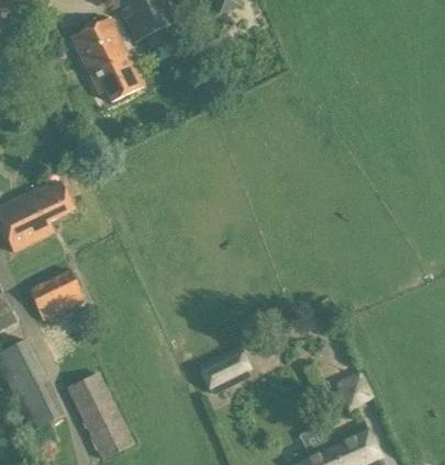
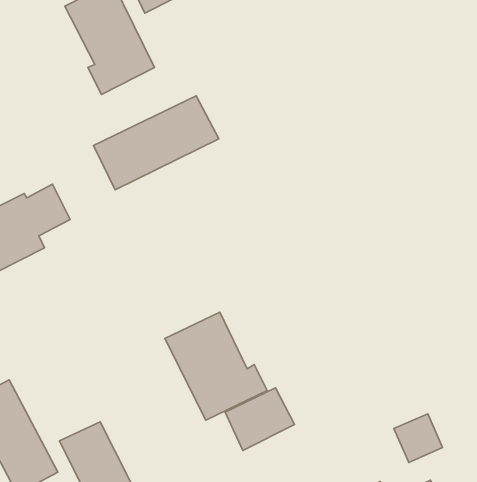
building: none -> [93,96,219,190]
building: [29,270,85,321] -> none
building: none -> [165,312,267,420]

